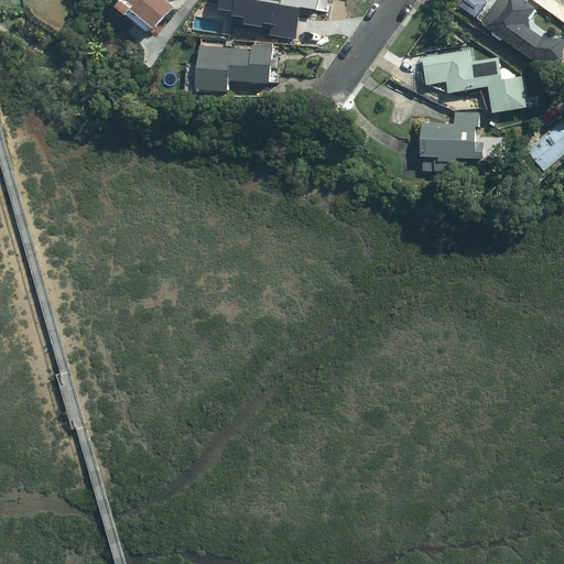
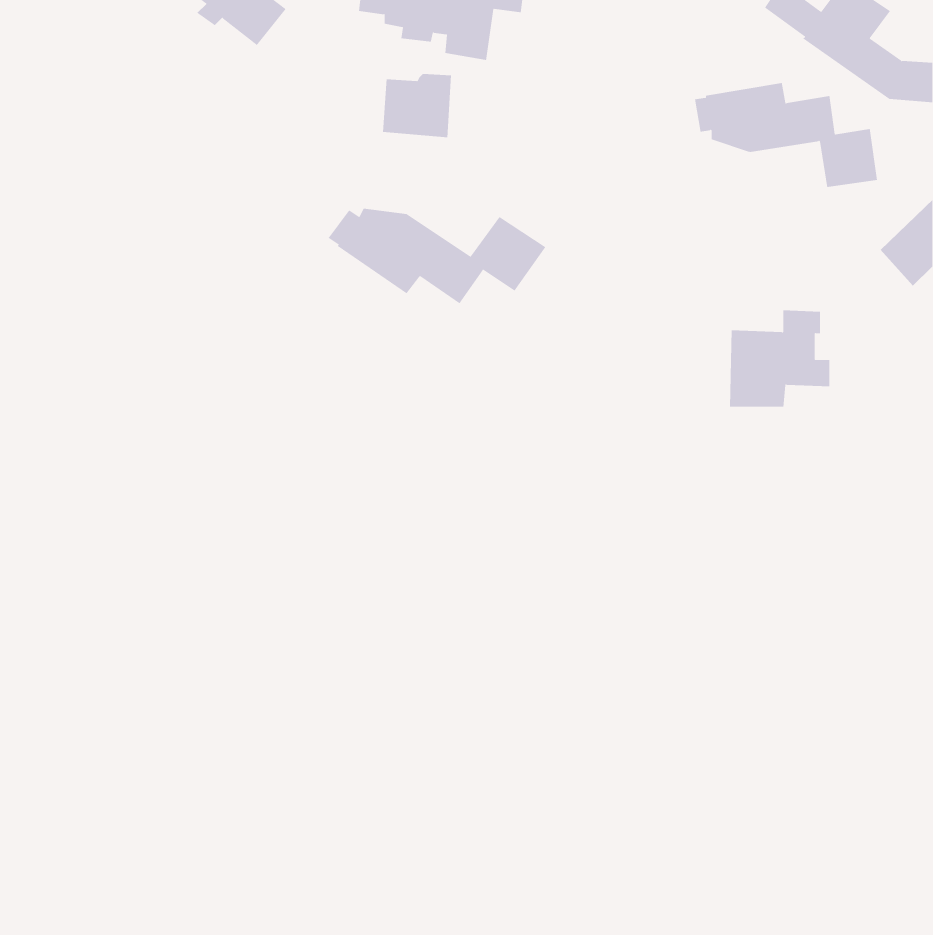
building: [197,45,231,93] -> none
building: [422,111,482,170] -> [729,310,830,407]
building: none -> [328,208,546,304]

